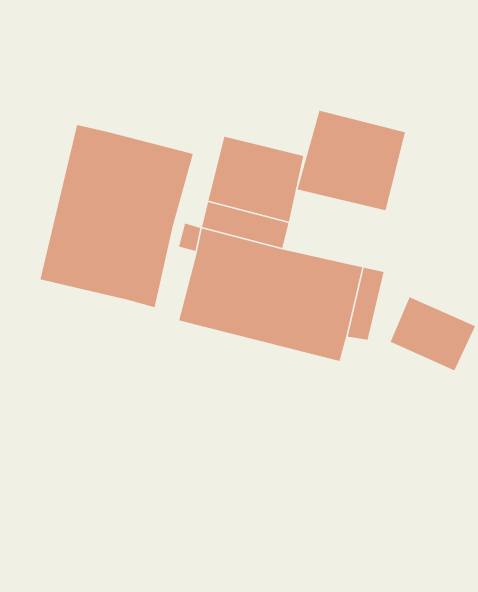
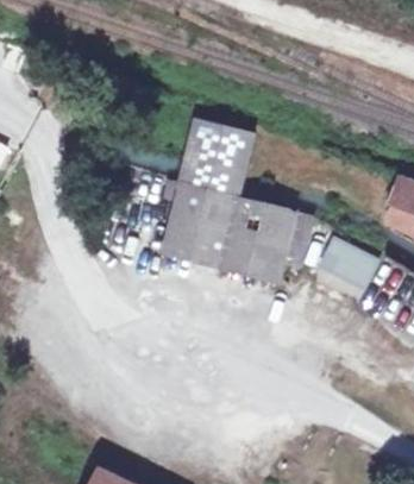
building: [297,110,406,211] -> none
building: [40,124,194,308] -> none

